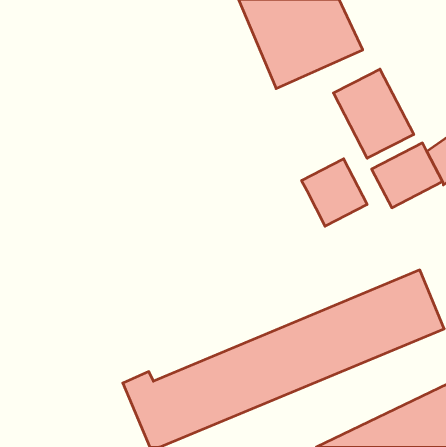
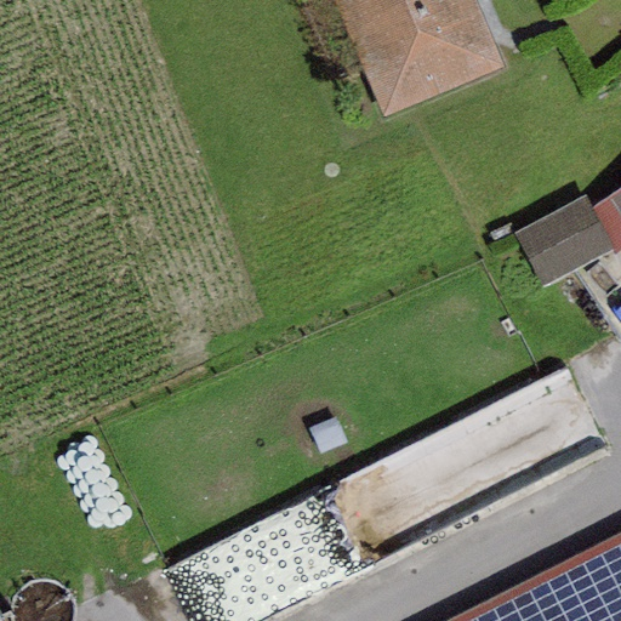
building: [333,69,414,158] -> none
building: [302,159,367,226] -> none

